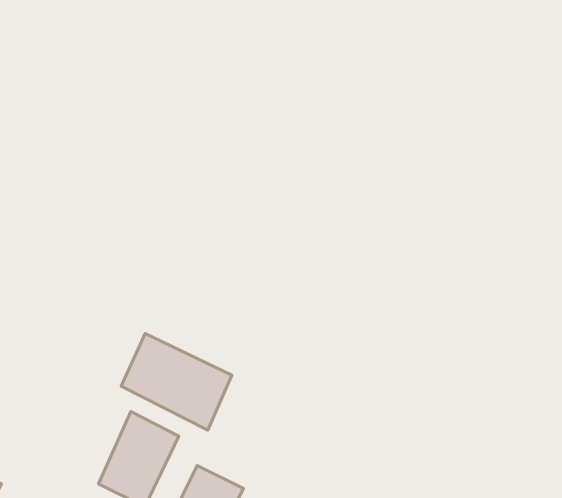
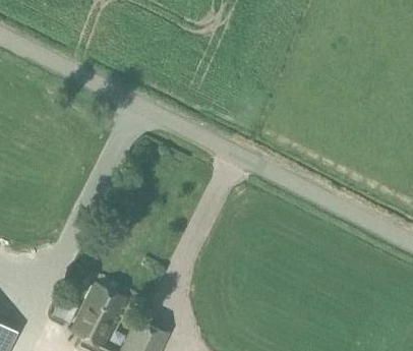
building: [121,333,232,430] -> none

